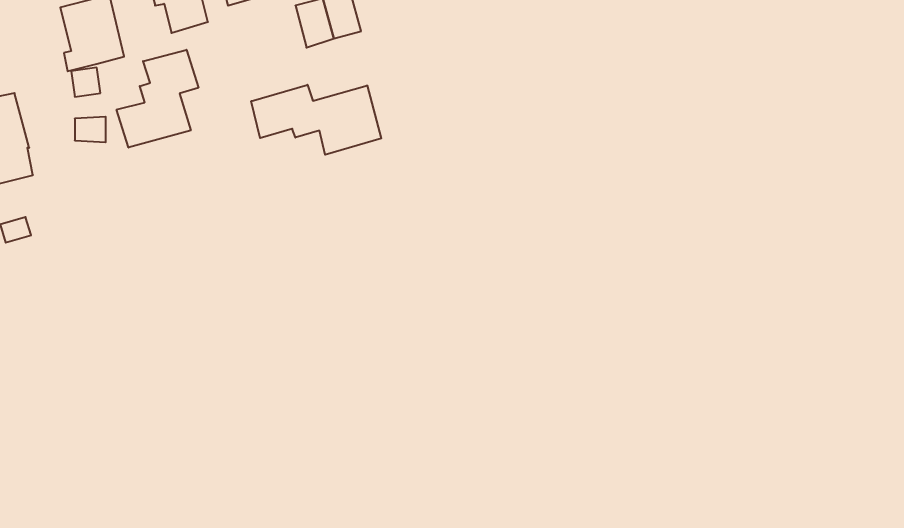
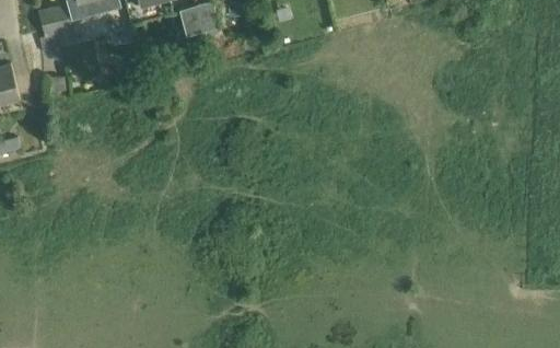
building: [117,50,198,148] -> none
building: [251,85,381,155] -> none

